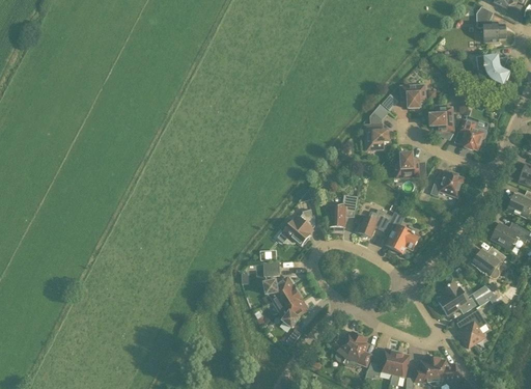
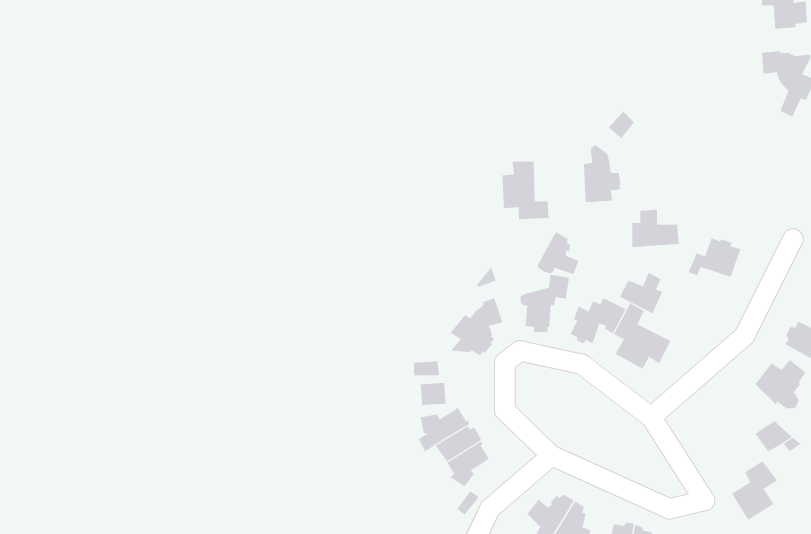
building: [400,84,425,108] -> none
building: [429,107,453,139] -> none
building: [458,118,486,149] -> none
building: none -> [502,161,549,220]
building: none -> [536,231,579,275]
building: none -> [619,272,663,314]
building: [438,281,475,314] -> none

